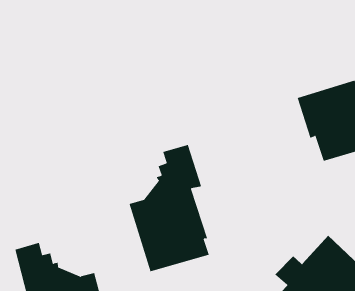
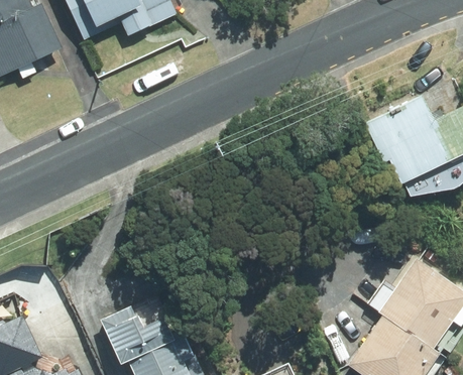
building: [129,144,210,272] -> none

